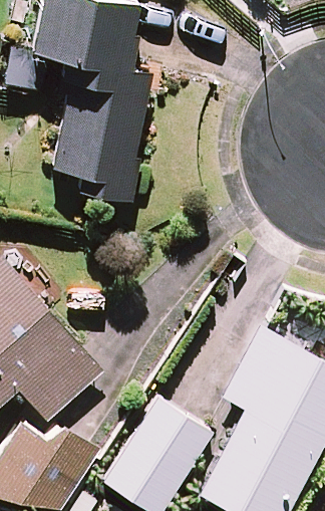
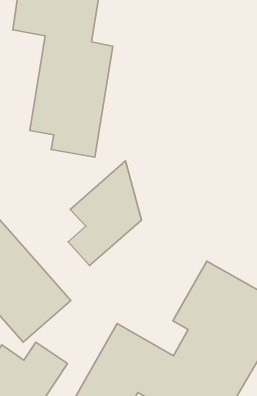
building: none -> [68,161,142,266]

